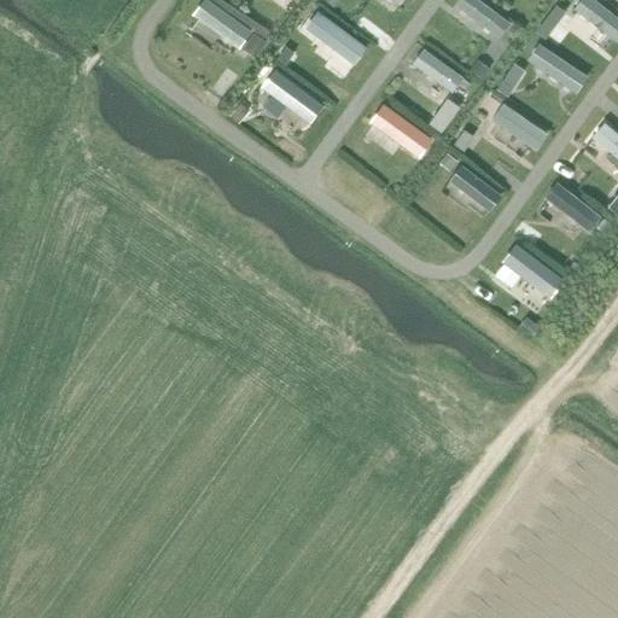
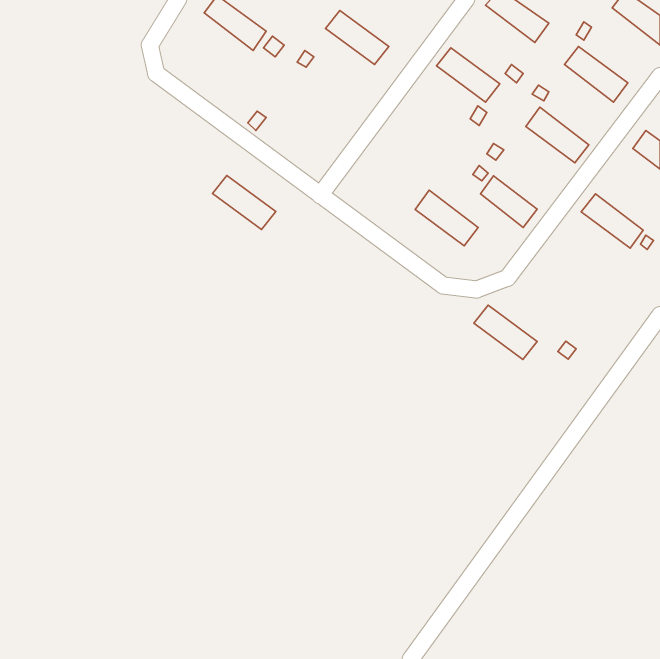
building: [261,69,320,119] -> [212,175,276,230]
building: [372,103,431,154] -> [415,190,478,246]
building: [503,246,562,297] -> [474,305,537,359]

